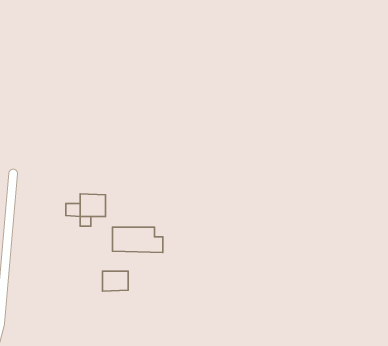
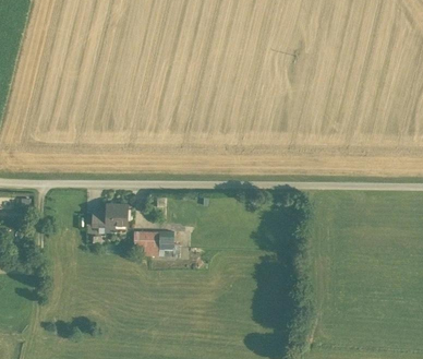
building: [103,271,128,291] -> none

